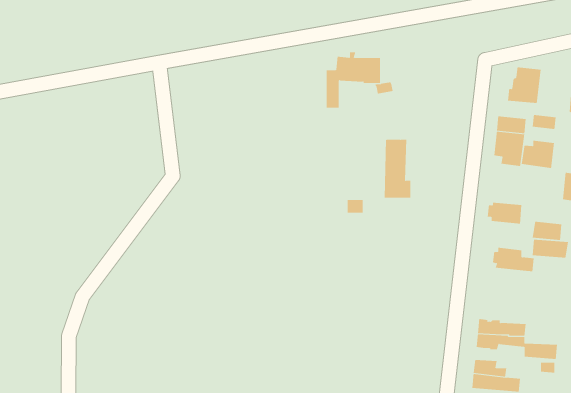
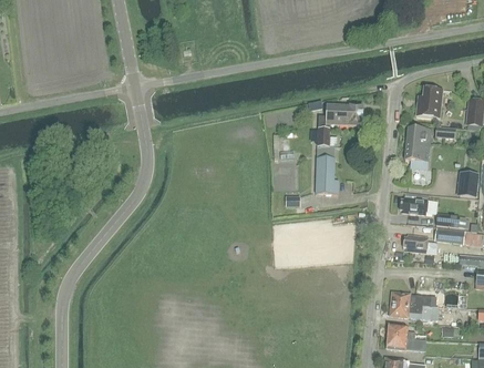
building: [326,52,381,108] -> [318,100,362,145]
building: [521,140,555,169] -> none

